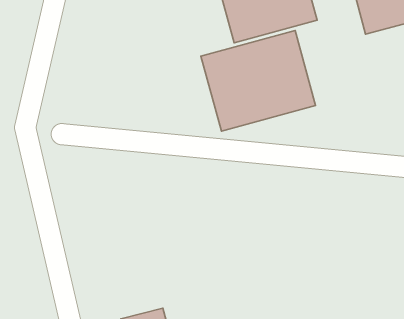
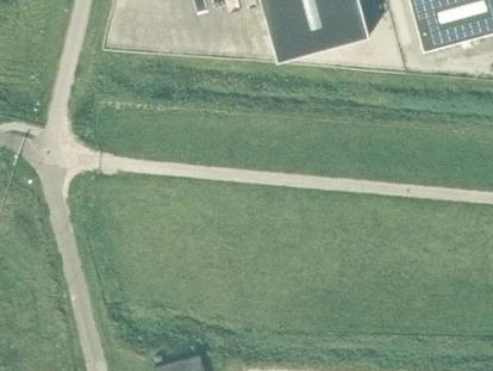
building: [201,31,316,131] -> none

